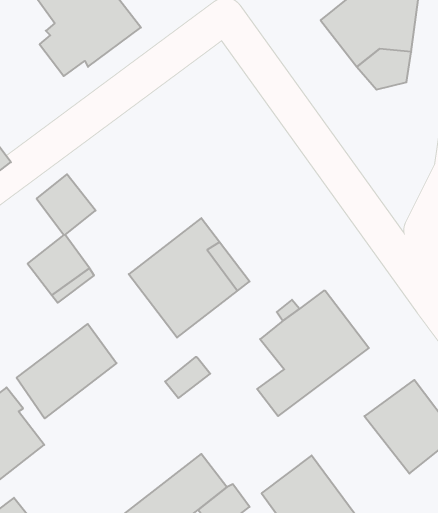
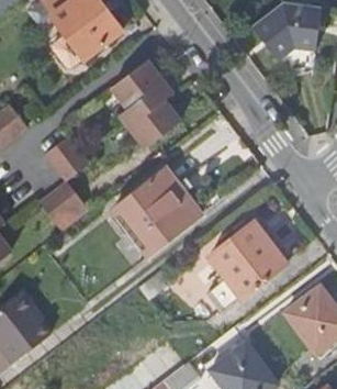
building: none -> [111,59,180,147]
building: [17,324,117,418] -> none

